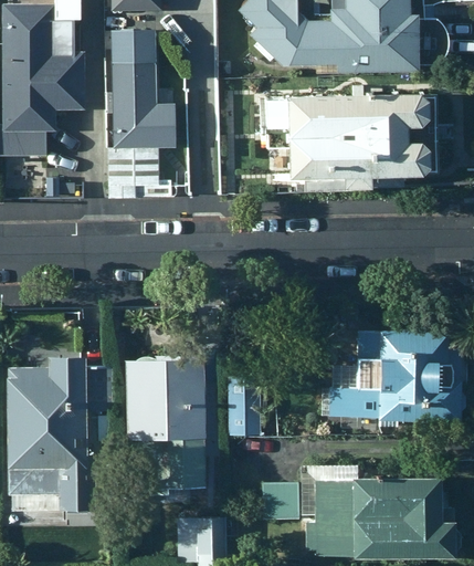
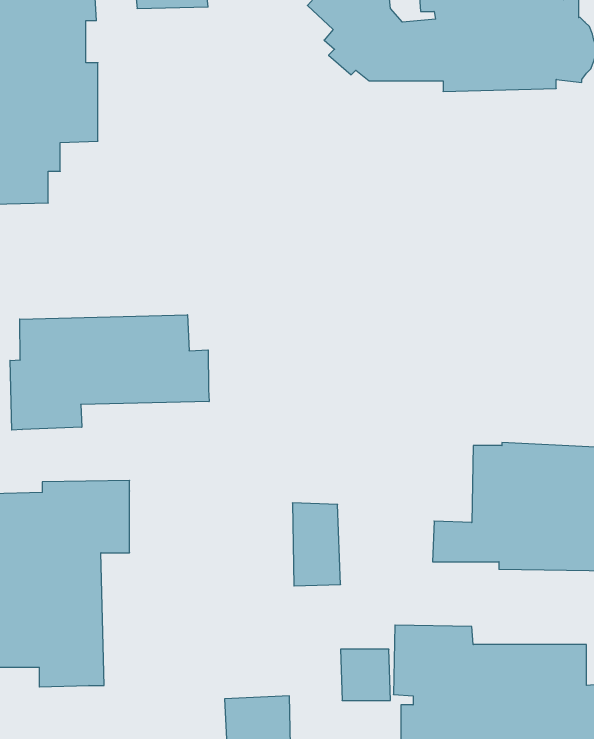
building: [106,33,164,193] -> none
building: [264,84,429,190] -> none
building: none -> [10,315,209,430]
building: [125,354,206,489] -> none

